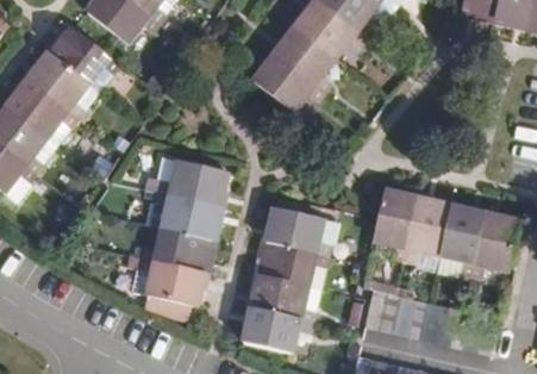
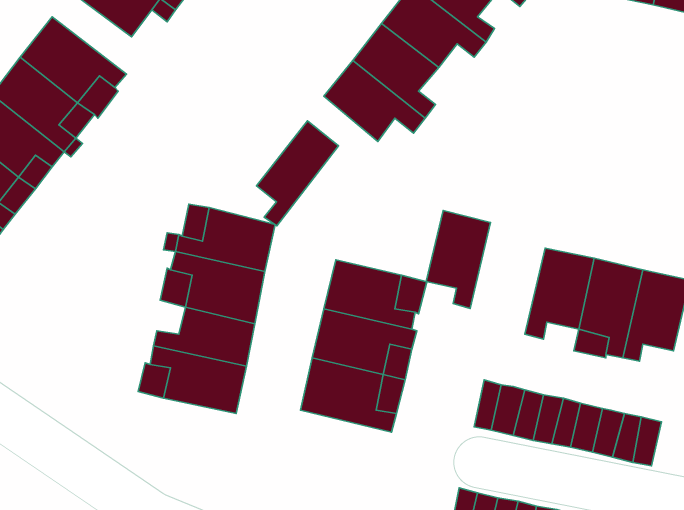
building: none -> [256,121,338,226]
building: [369,180,414,249] -> [426,211,490,309]
building: [235,303,306,345] -> none

